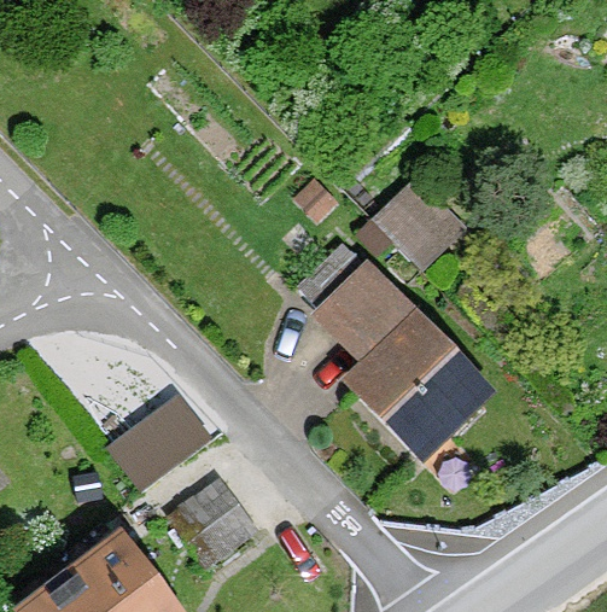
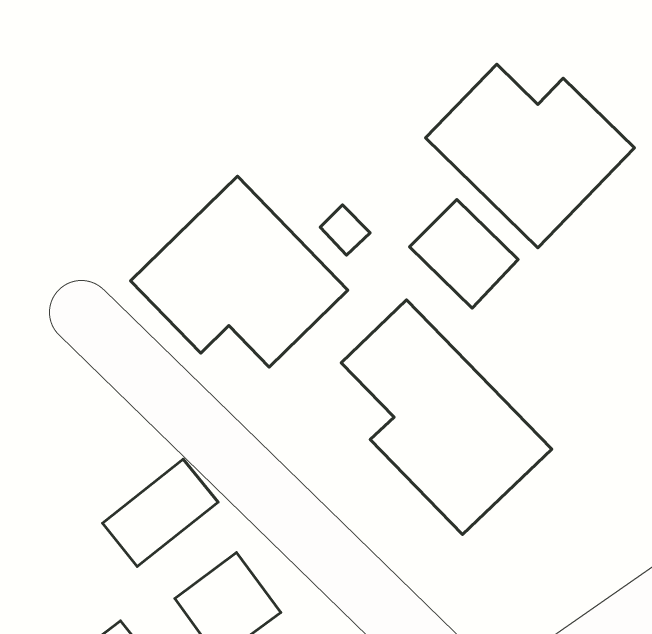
building: none -> [426,64,635,248]
building: none -> [131,176,348,367]

